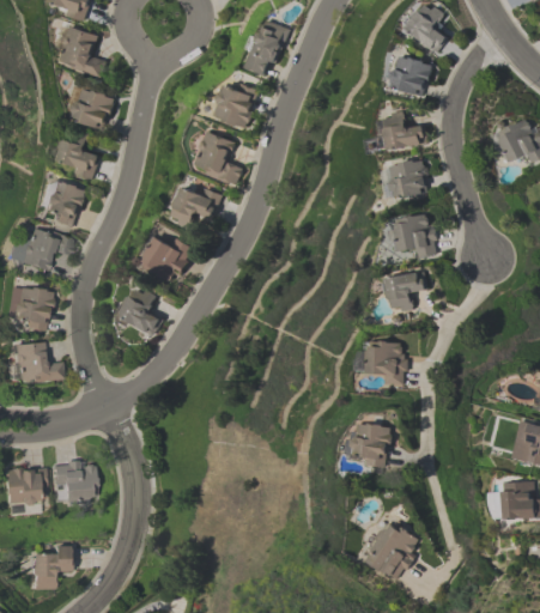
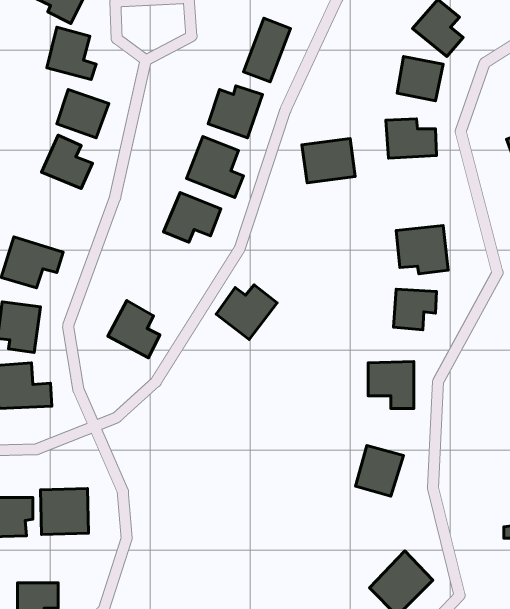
building: [378,158,429,200] -> [302,138,355,183]
building: [42,177,87,229] -> none
building: [139,235,196,286] -> [216,285,277,340]

